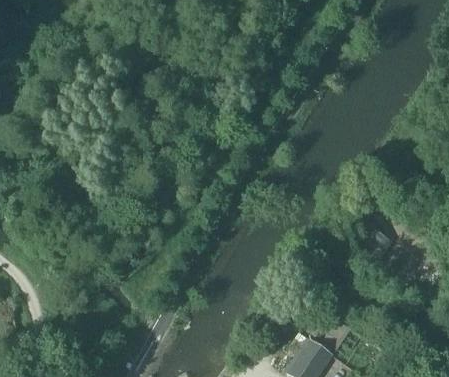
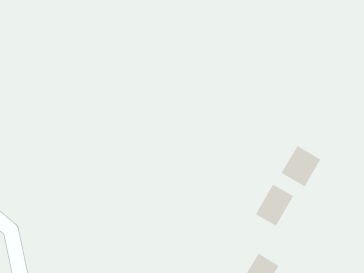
building: none -> [255,184,294,227]

